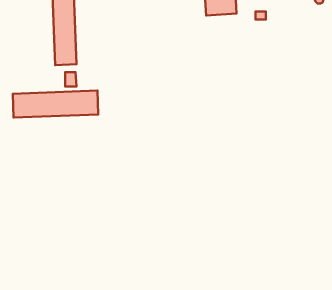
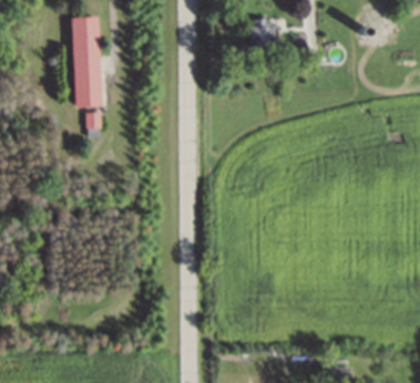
building: [13,91,98,118] -> none

